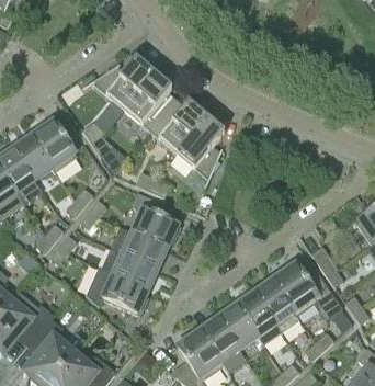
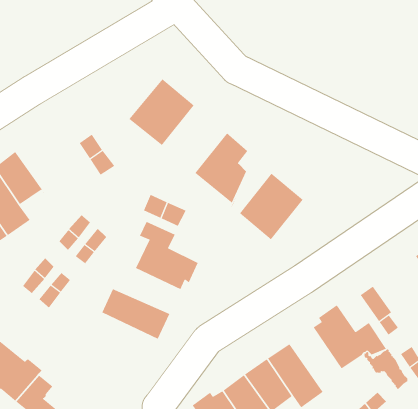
building: [79,63,150,121] -> none
building: [150,99,203,154] -> [239,173,304,240]
building: [31,118,76,170] -> none
building: [110,228,166,269] -> none
building: [84,266,148,314] -> none
building: [254,280,299,332] -> none

